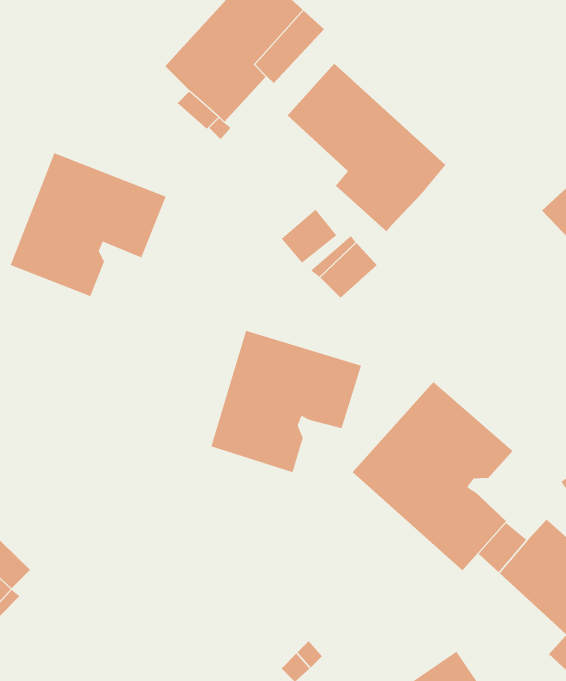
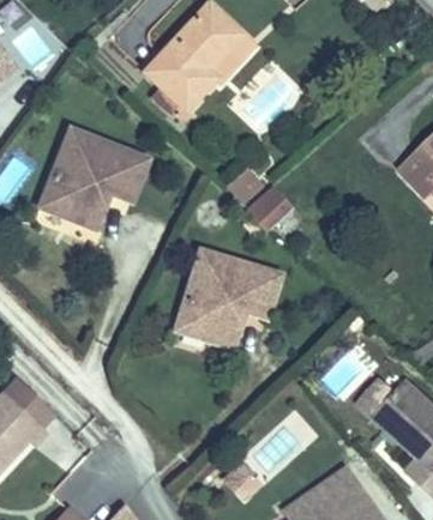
building: [287,63,446,232] -> none
building: [352,381,513,571] -> none

